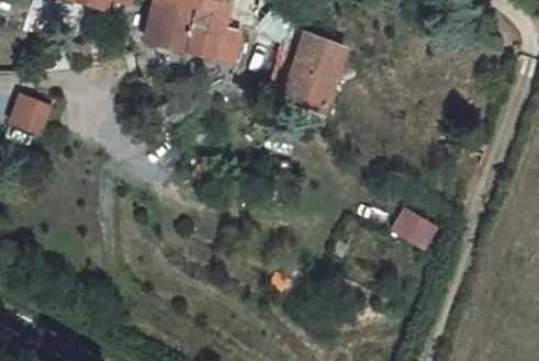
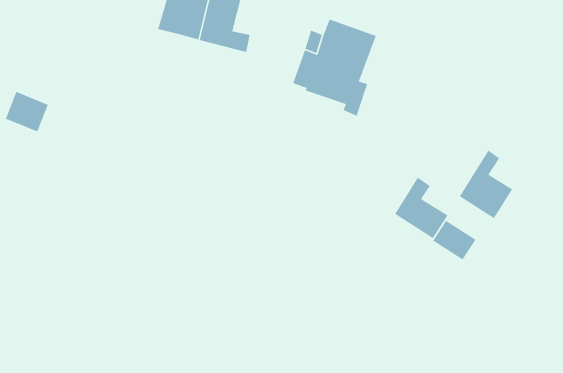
building: none -> [459,150,513,219]
building: none -> [394,176,449,239]

